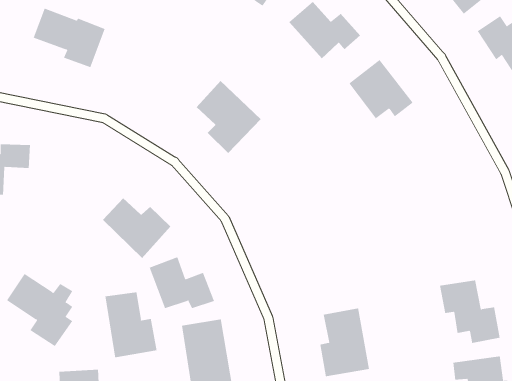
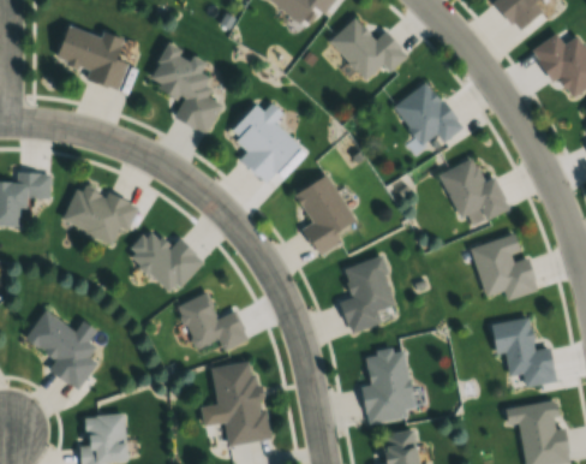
building: none -> [148,43,225,135]
building: none -> [441,159,510,228]
building: none -> [294,173,354,256]
building: none -> [62,183,137,245]
building: none -> [471,233,538,301]
building: none -> [340,257,395,333]
building: [105,291,157,358] -> none

